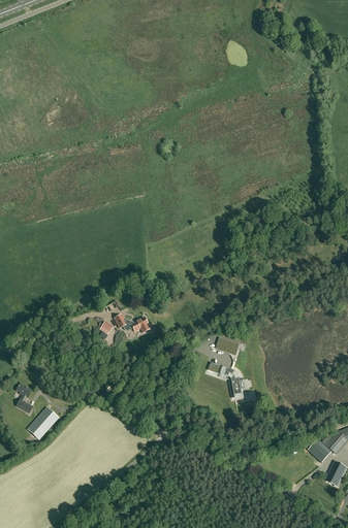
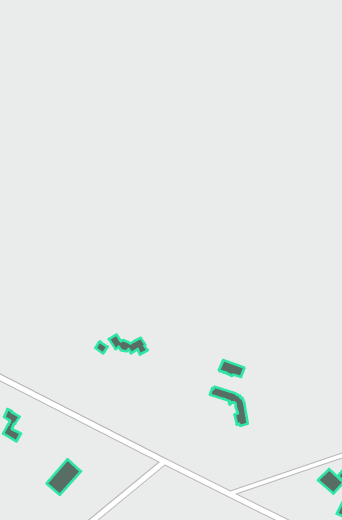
building: [27,405,59,438] -> [47,459,81,495]

